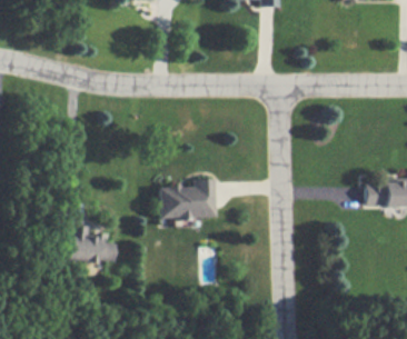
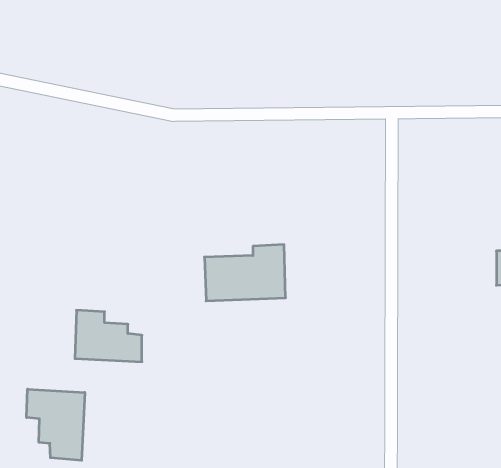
building: none -> [27,389,85,460]

